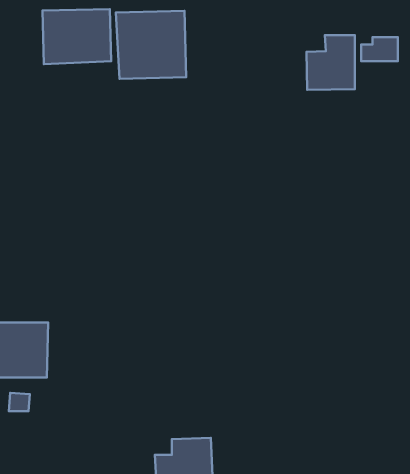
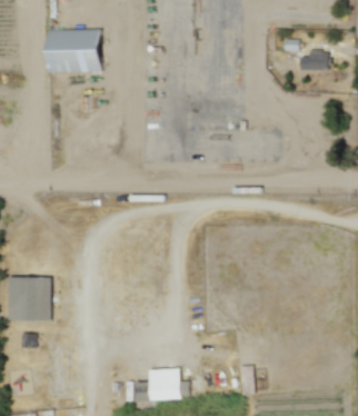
building: [116,11,186,79] -> none
building: [306,35,355,90] -> none

